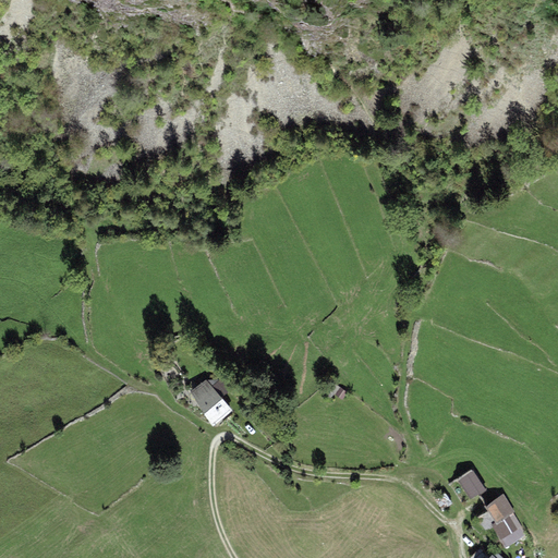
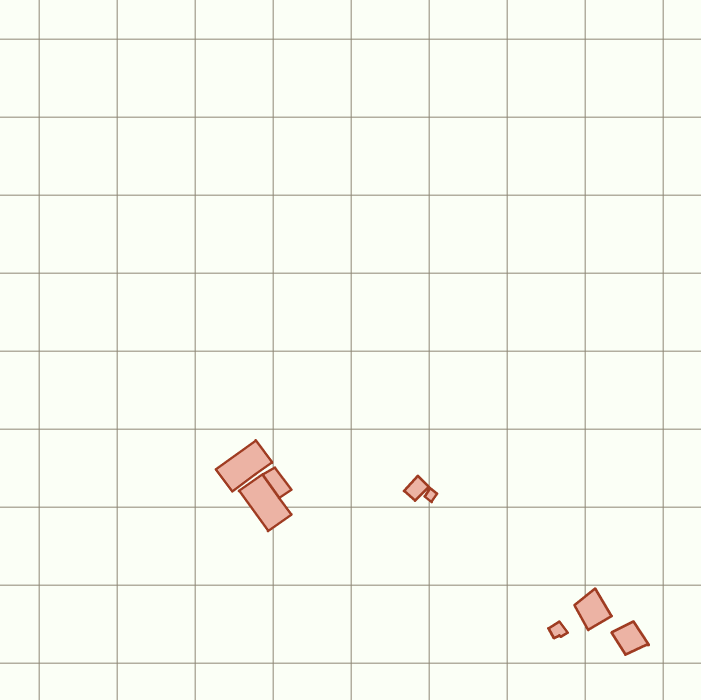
building: none -> [216,440,272,491]
building: [492,513,525,547] -> none

